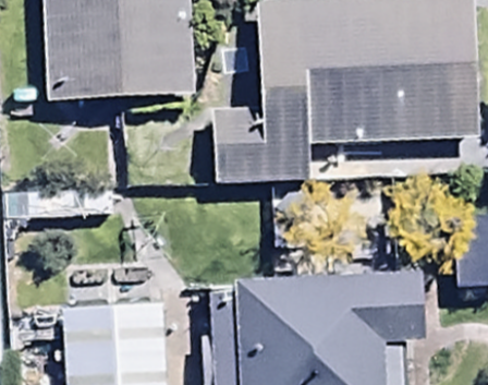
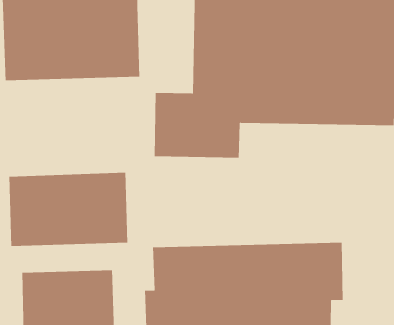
building: none -> [8,172,128,247]

